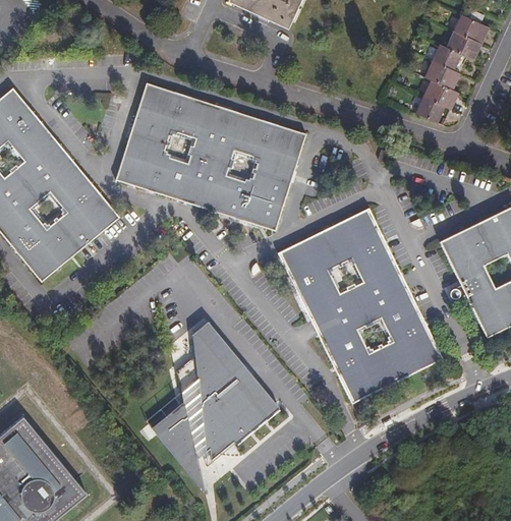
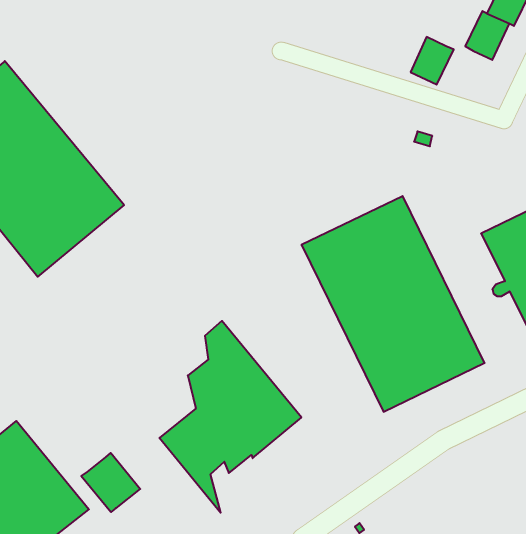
building: [417,78,456,121] -> [411,37,454,85]
building: [116,83,305,230] -> none
building: none -> [81,453,140,512]

